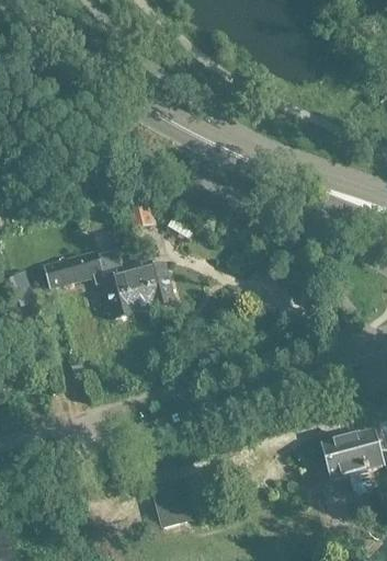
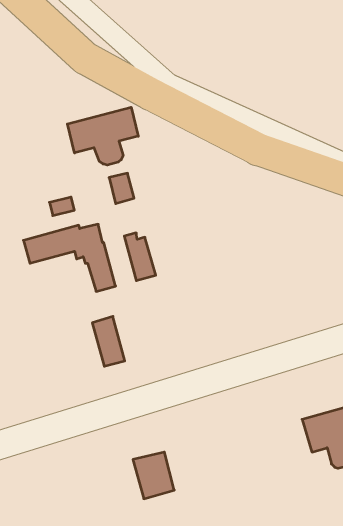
building: none -> [67,107,138,165]
building: [122,261,155,311] -> [92,316,125,366]

